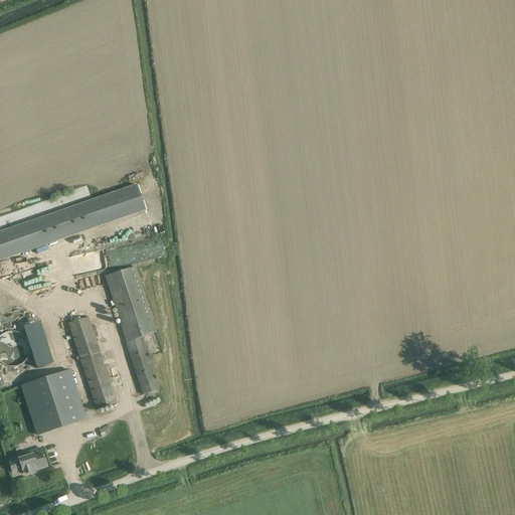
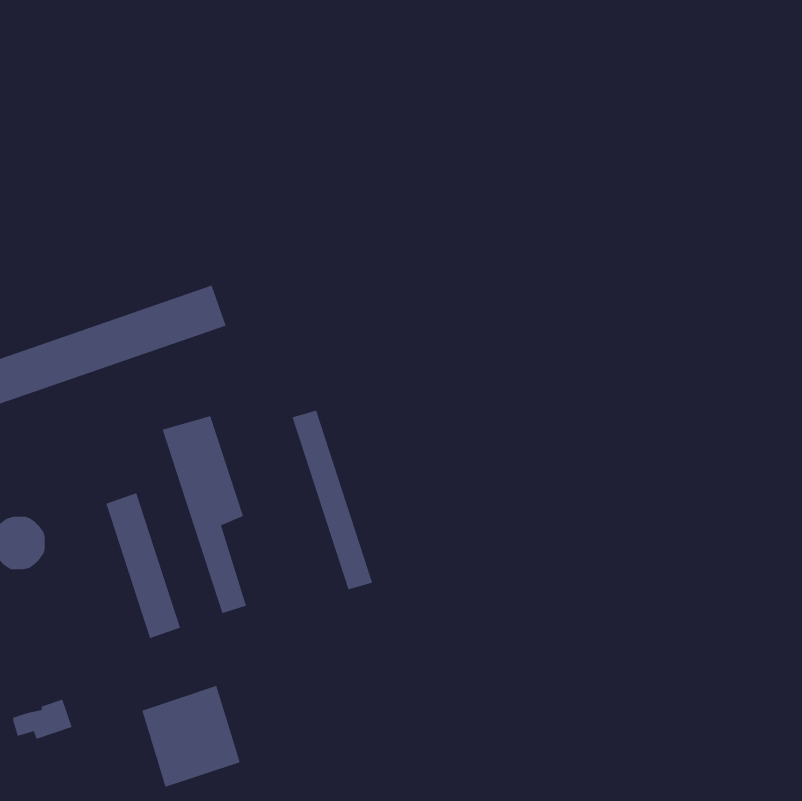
building: none -> [292,410,373,590]
building: [25,318,56,366] -> none
building: [21,368,84,434] -> [141,685,240,788]

